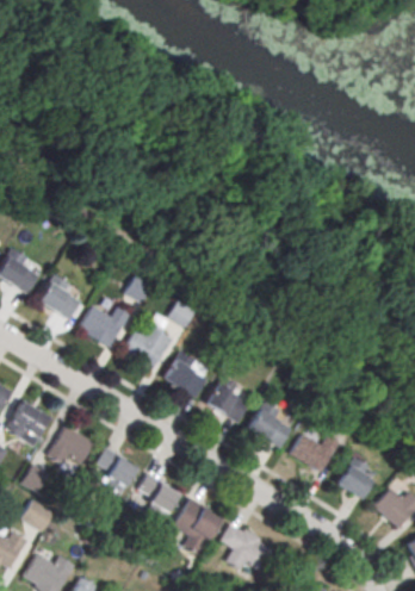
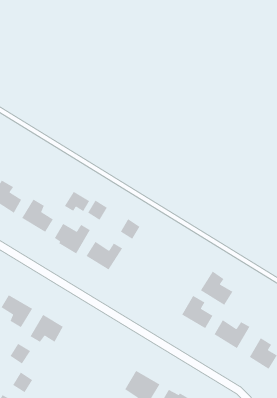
building: none -> [64,191,90,212]
building: [163,352,206,397] -> none
building: [205,377,249,423] -> [200,271,233,306]
building: [95,447,138,492] -> none
building: [136,474,180,520] -> none

